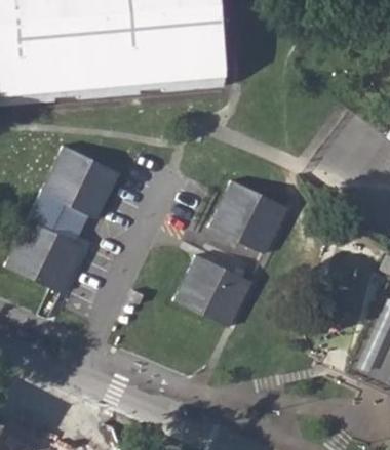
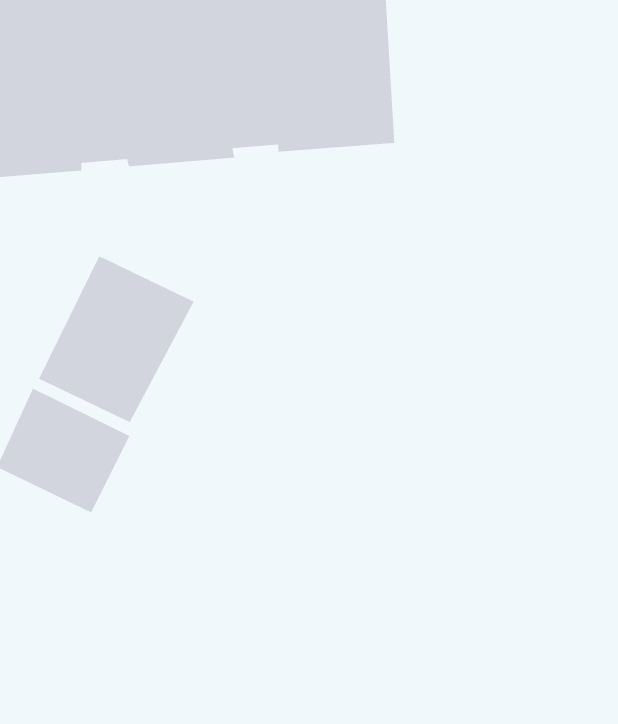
building: [209,181,284,250] -> none
building: [173,255,248,324] -> none

